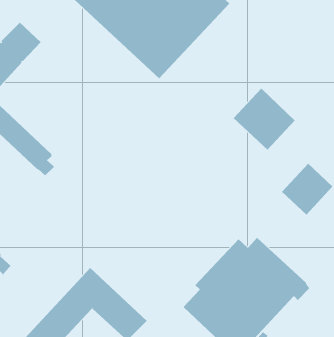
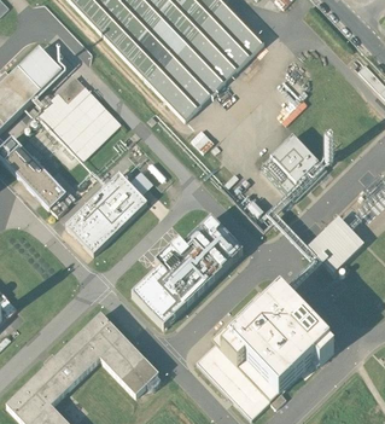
building: none -> [37,76,122,161]
building: none -> [68,174,148,254]
building: none -> [133,219,244,327]

